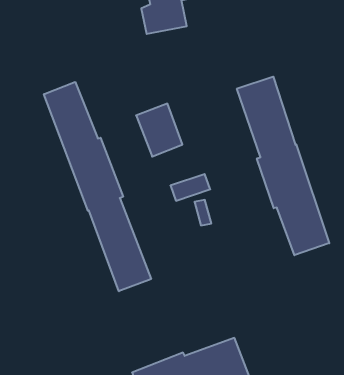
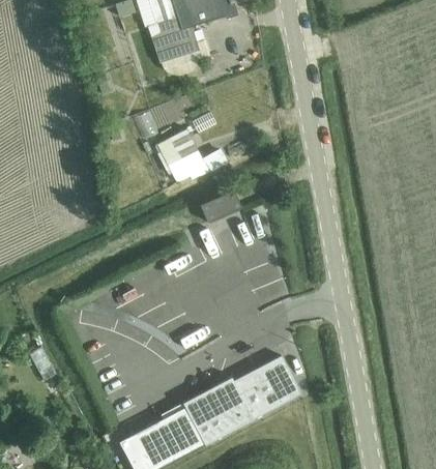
building: [237,77,329,255] -> none
building: [44,82,151,291] -> none

